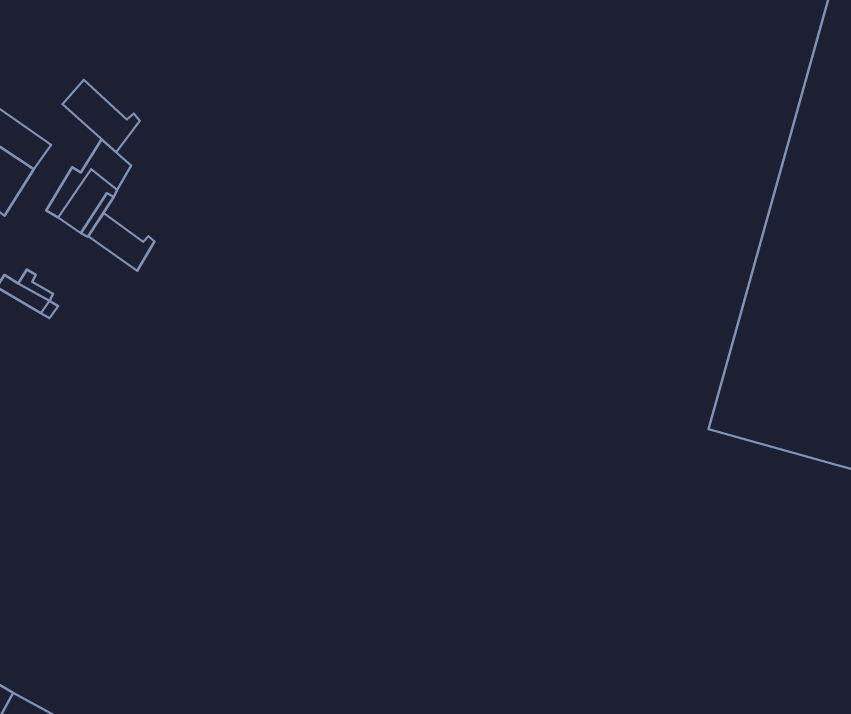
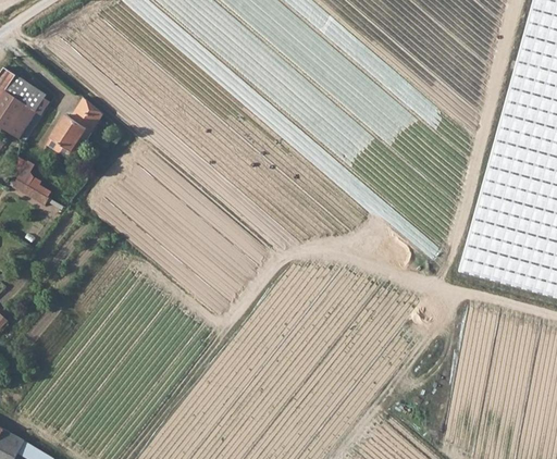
building: [62,80,140,152] -> none
building: [88,213,154,271] -> none

